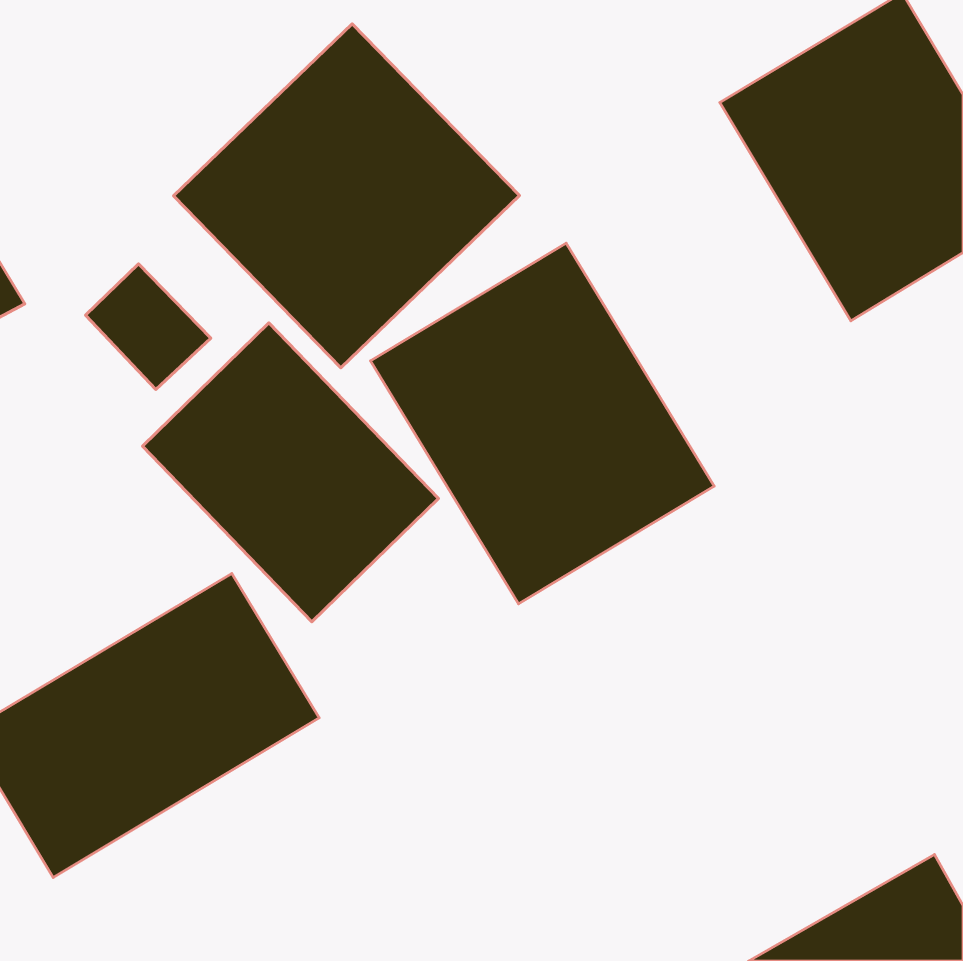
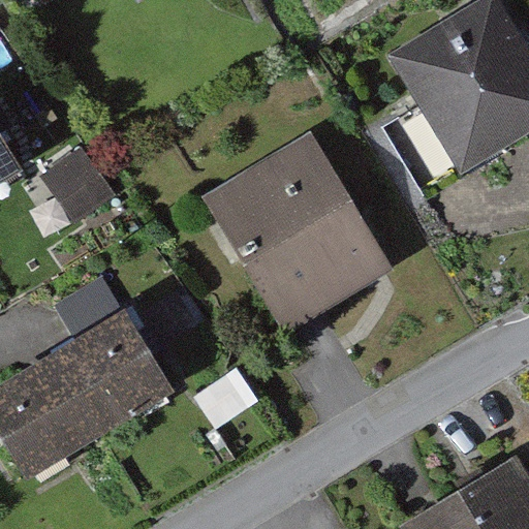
building: [173,24,519,368] -> none
building: [142,323,438,622] -> none

